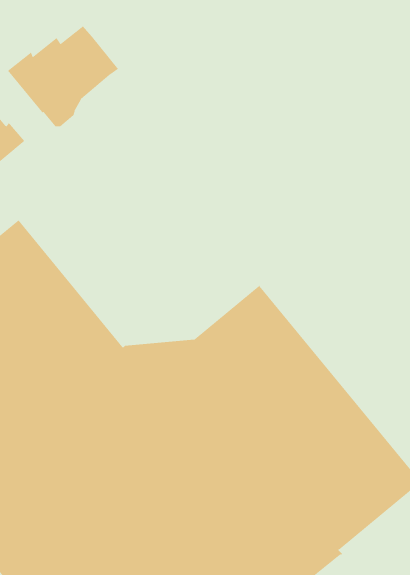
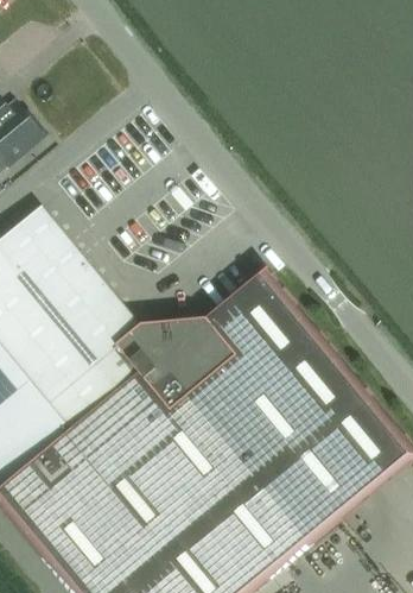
building: [7,26,119,127] -> none

